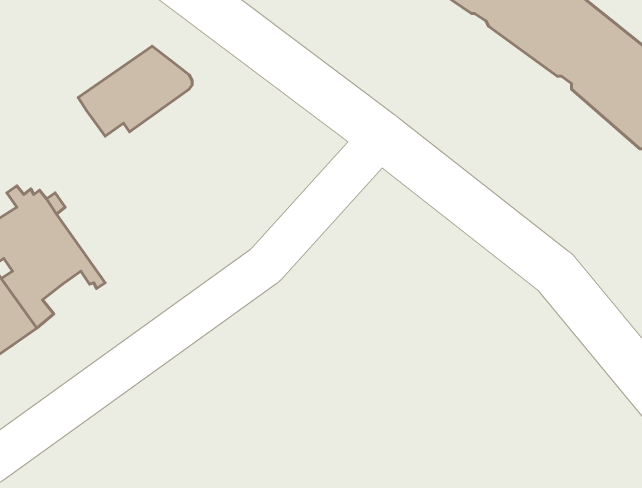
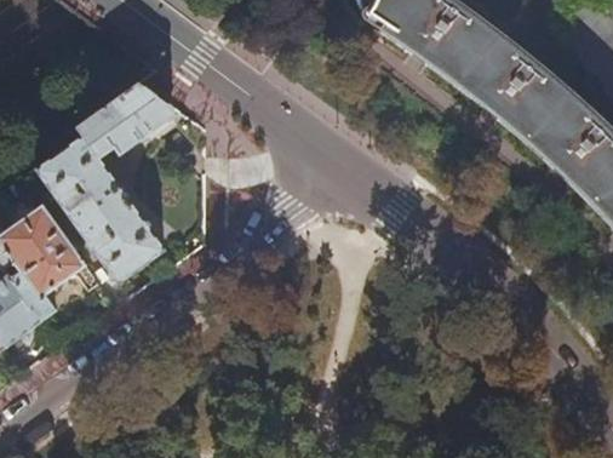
building: none -> [41,133,168,281]

